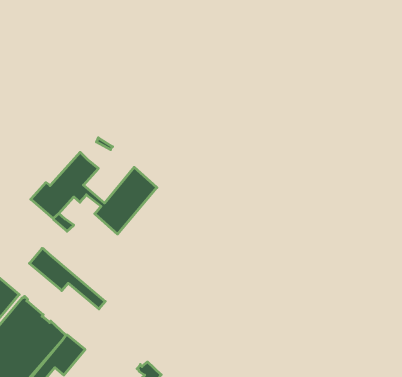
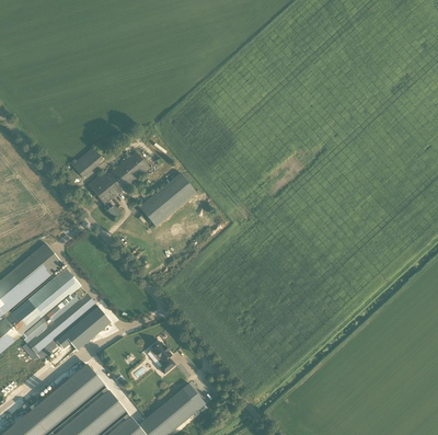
building: none -> [71,148,102,178]
building: [29,248,105,309] -> none

